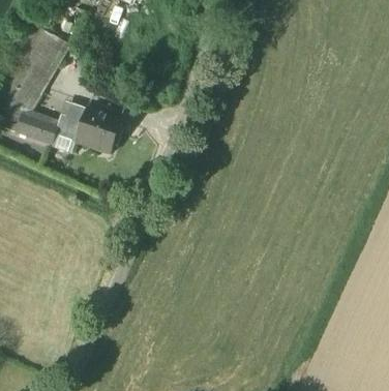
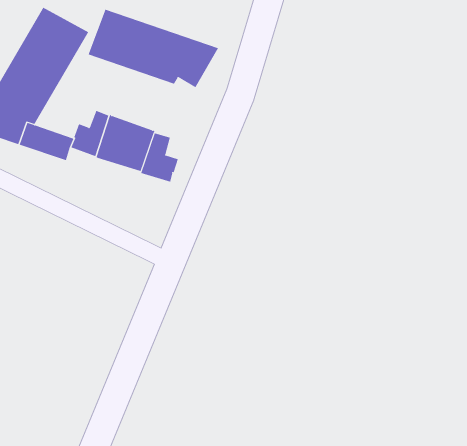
building: none -> [88,9,219,88]
building: none -> [141,133,178,183]

